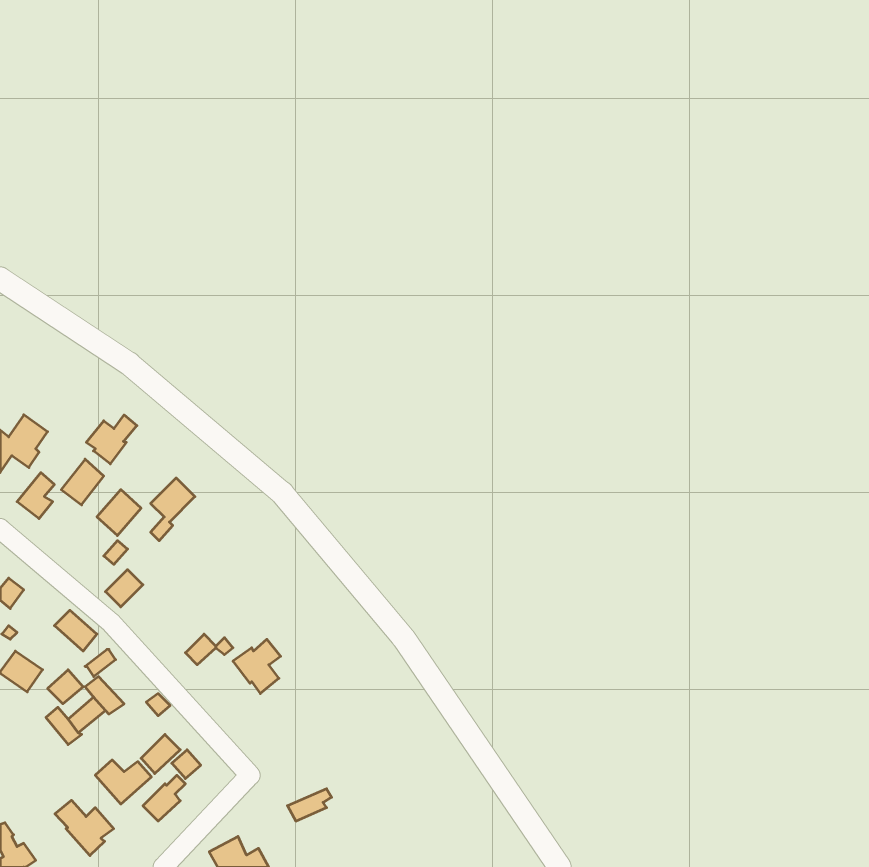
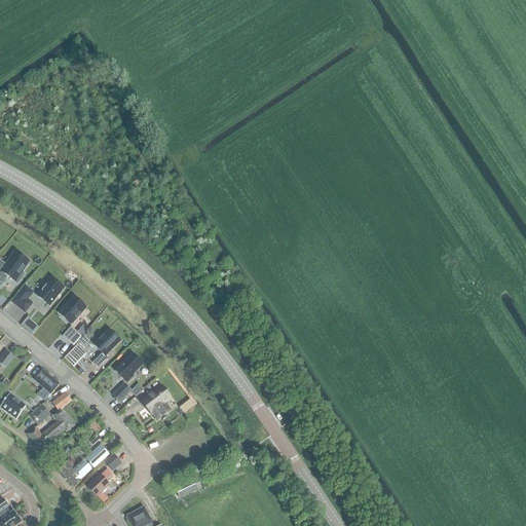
building: [86,415,137,464] -> none
building: [151,478,195,541] -> [93,329,120,367]
building: none -> [113,352,143,382]
building: [55,800,114,856] -> none

